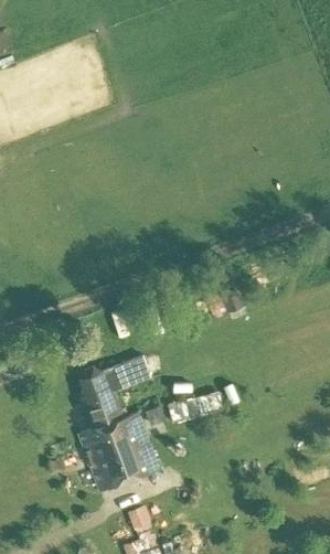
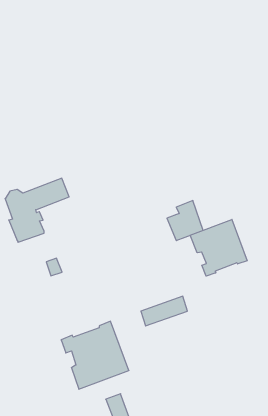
building: none -> [190,219,247,276]
building: [74,356,150,433] -> [5,178,69,242]

